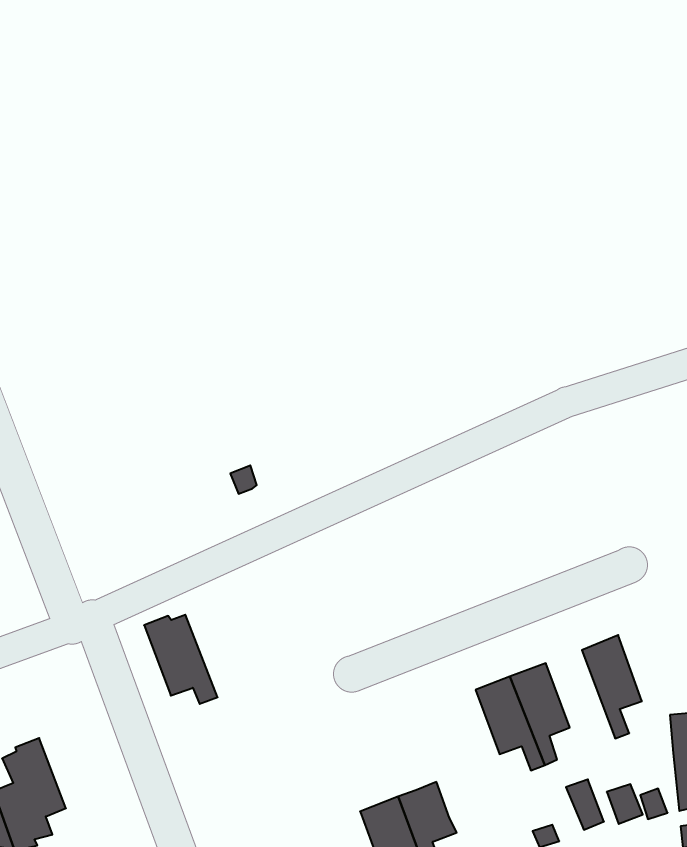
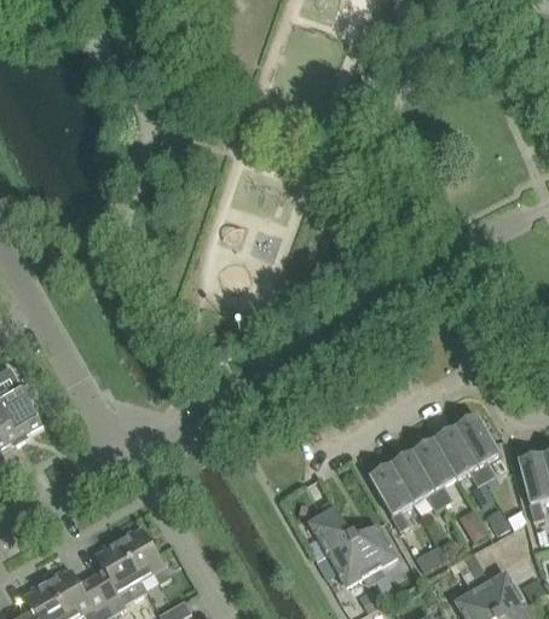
building: [144,615,218,704] -> [116,527,171,583]
building: none -> [433,427,485,484]
building: none -> [369,463,412,530]
building: none -> [312,499,363,553]

